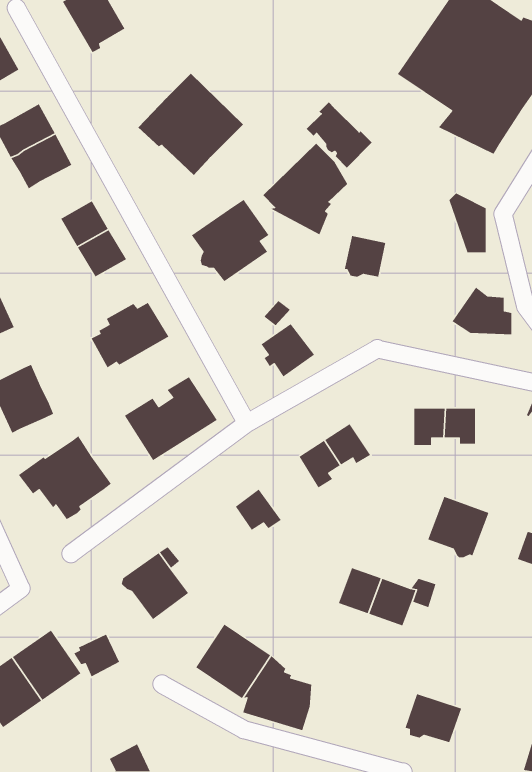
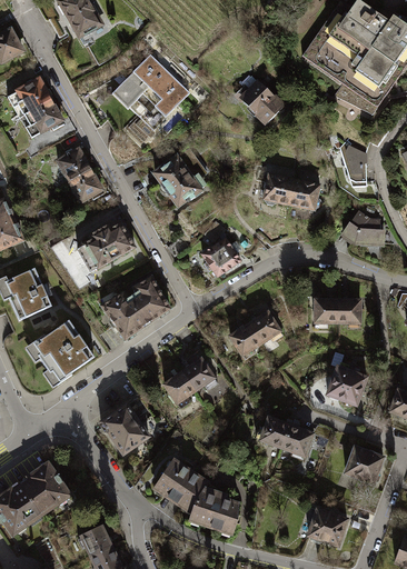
building: [263,143,348,235] -> none
building: none -> [288,178,319,209]
building: none -> [163,371,195,407]
building: none -> [346,446,383,481]
building: [73,633,120,677] -> [77,523,111,556]

